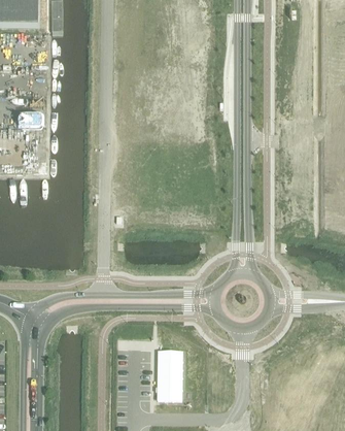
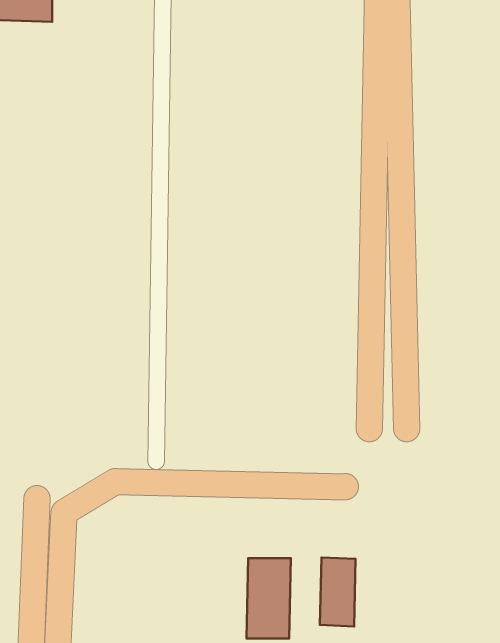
building: none -> [320,557,356,626]

